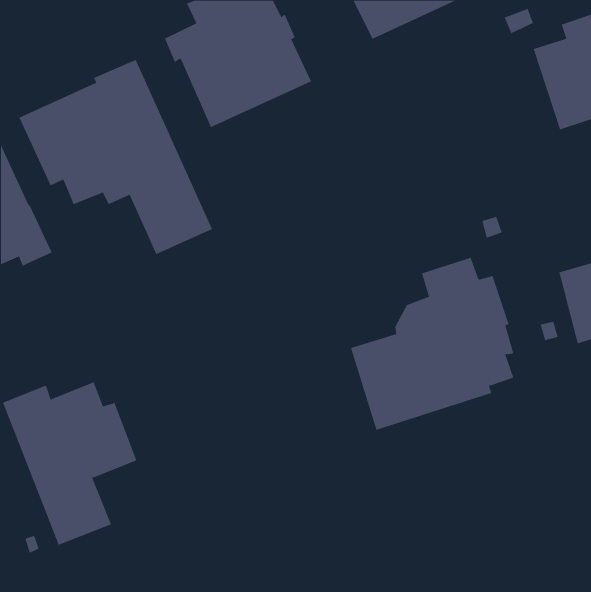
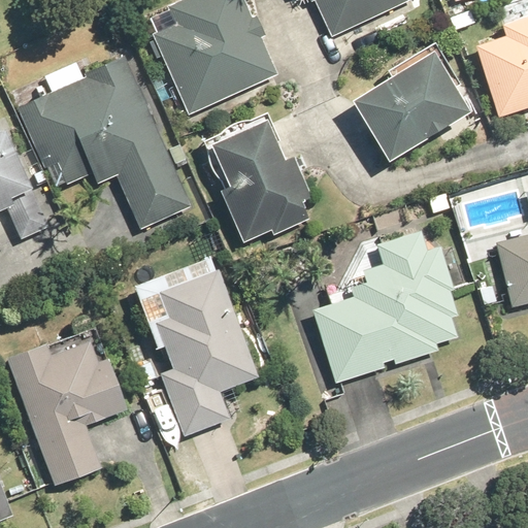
building: none -> [349,48,469,161]
building: none -> [203,110,311,242]
building: none -> [154,267,257,435]

